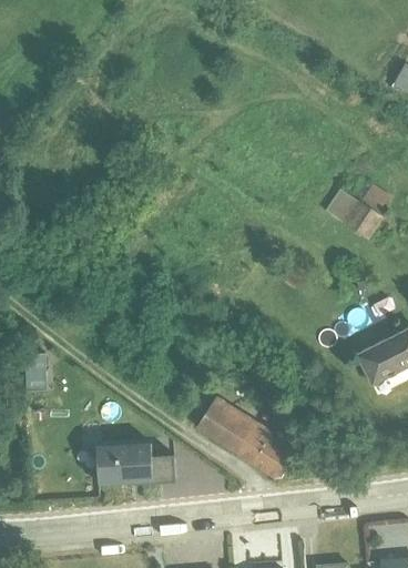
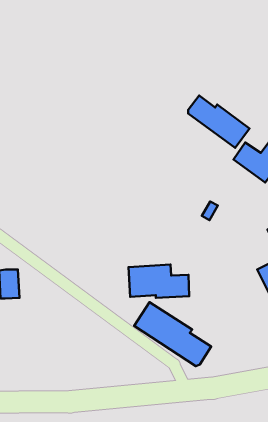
building: none -> [188,96,249,148]
building: [96,442,175,485] -> [128,265,189,298]

